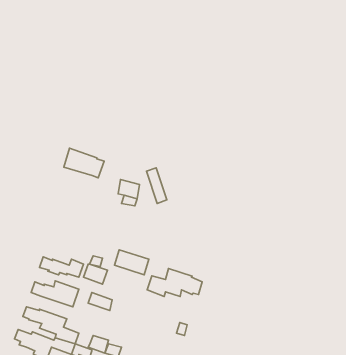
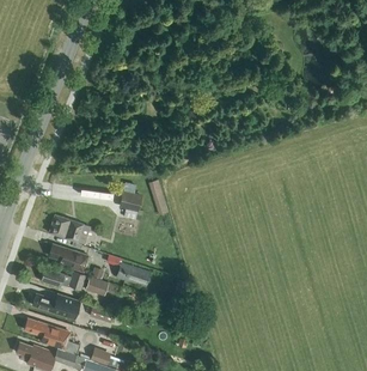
building: [64,148,104,178] -> [49,214,90,244]
building: none -> [49,245,88,273]
building: [147,268,202,296] -> none

